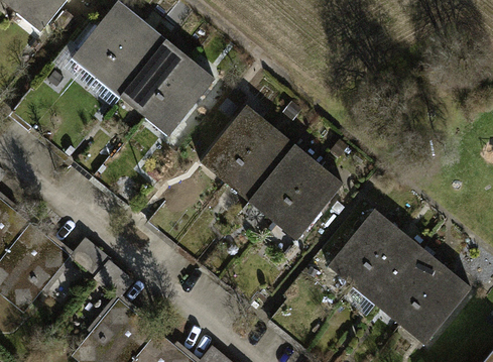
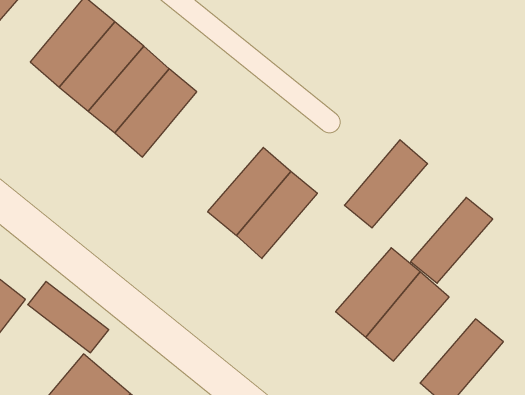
building: [198,105,269,179] -> none
building: [268,164,338,238] -> [344,140,428,228]
building: [378,251,447,323] -> [411,197,493,283]

